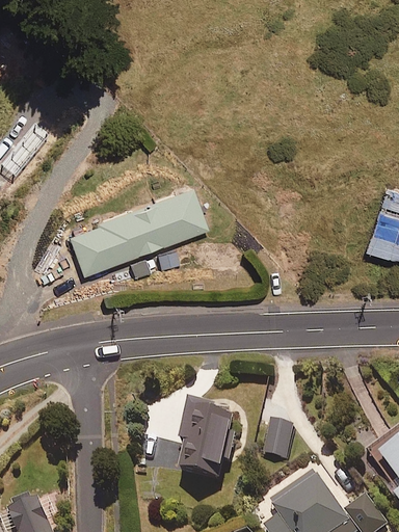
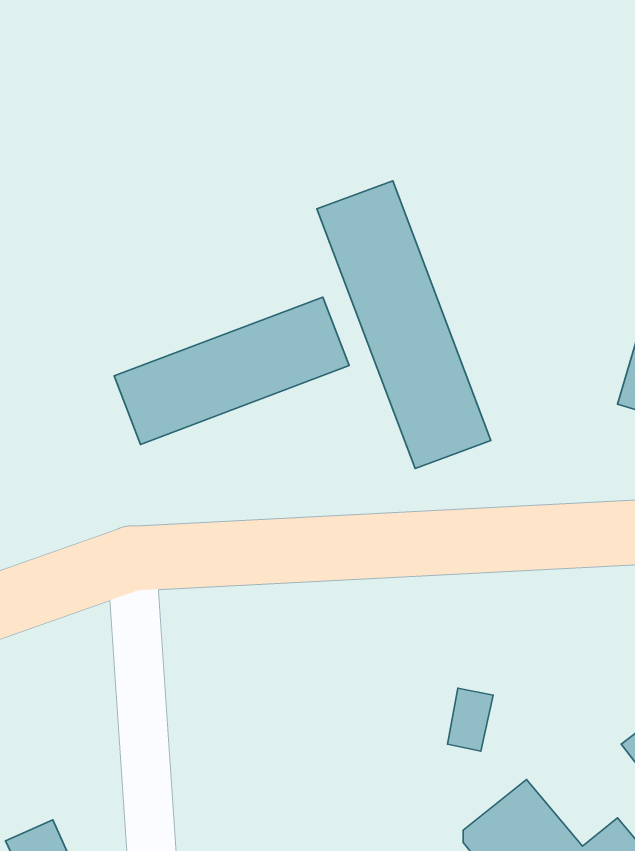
building: none -> [317,181,491,468]
building: [183,405,241,483] -> none

